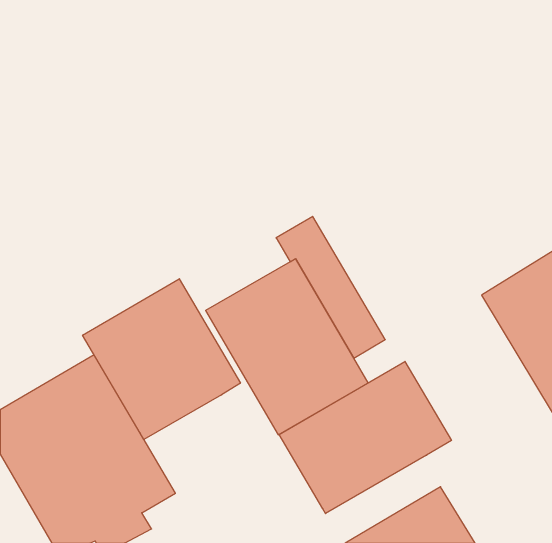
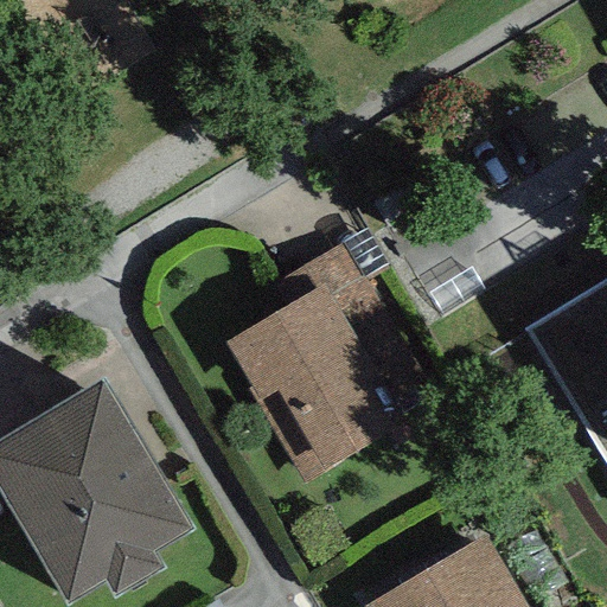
building: [83,279,240,440] -> none
building: [279,361,451,514] -> none

